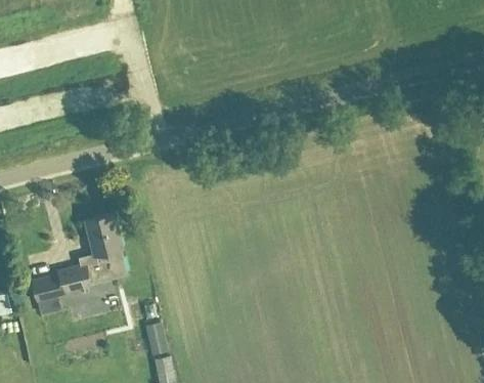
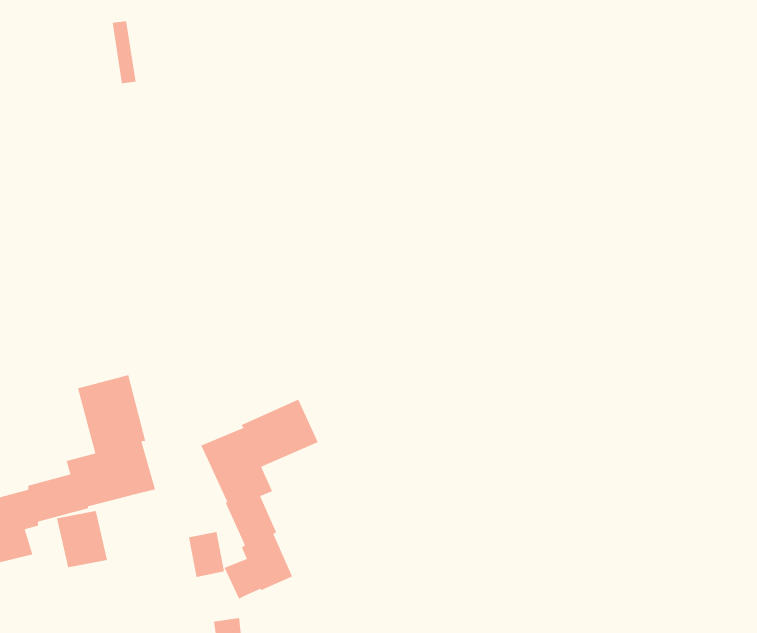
building: none -> [201,399,319,599]

